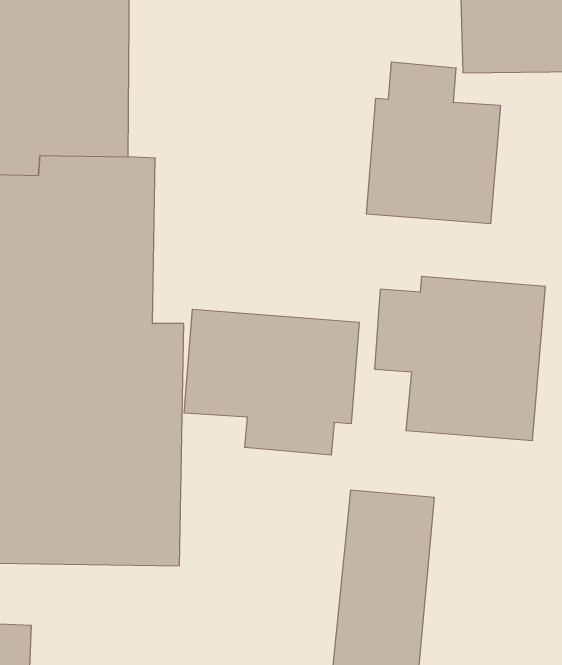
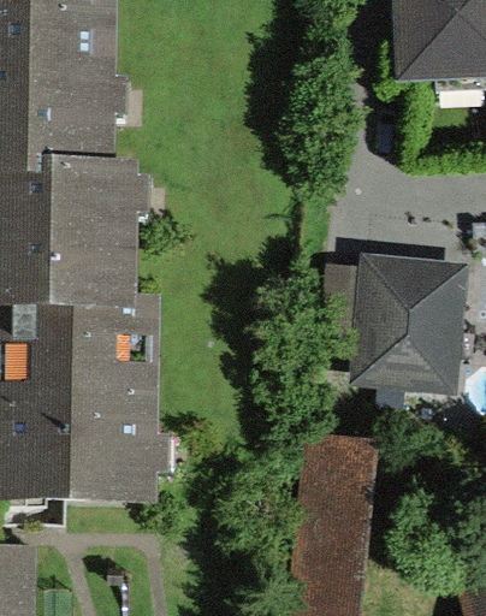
building: [366,62,500,224] -> none
building: [184,309,359,455] -> none

